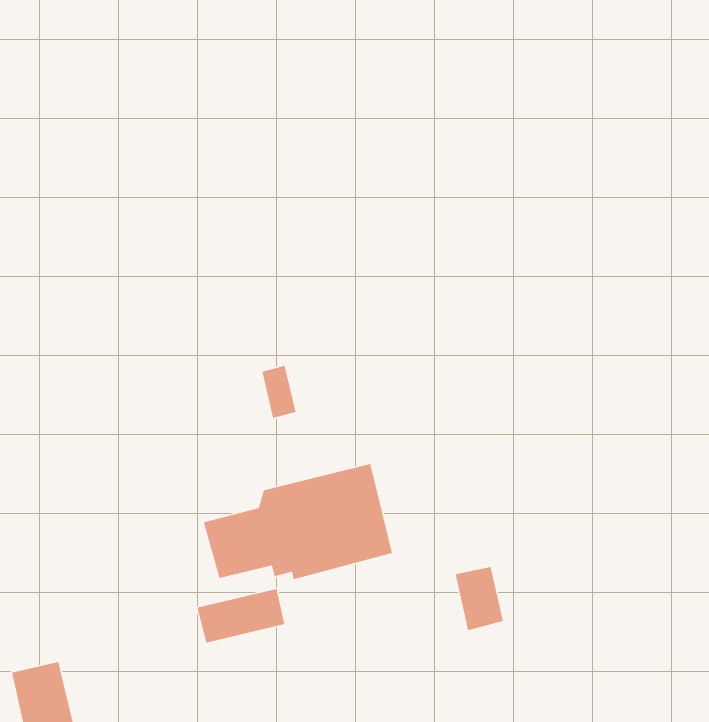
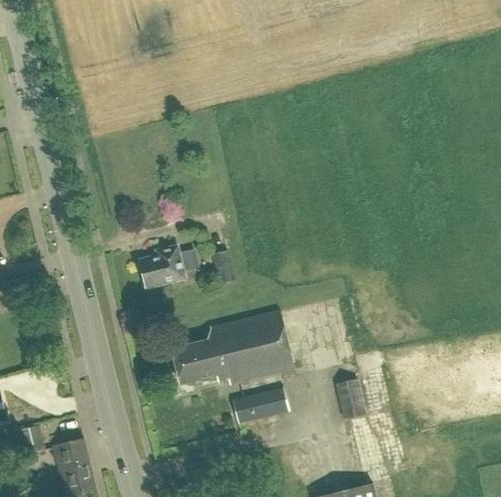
building: none -> [140,248,198,289]
building: [196,588,285,644] -> [230,387,287,423]

